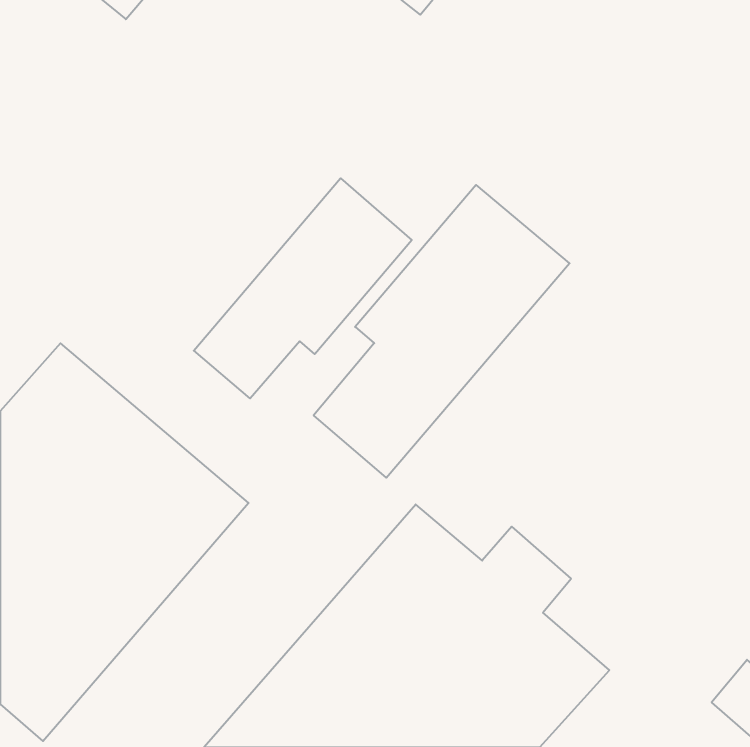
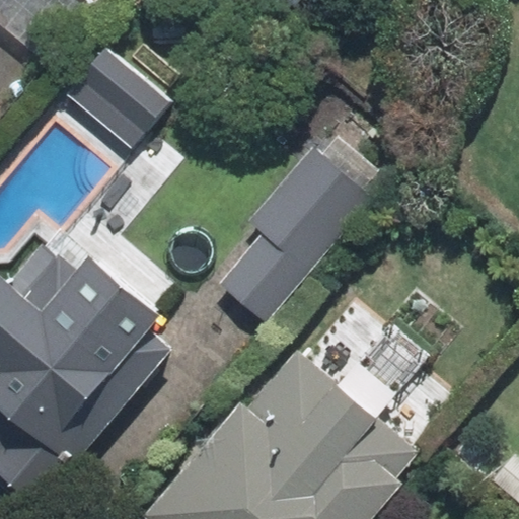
building: none -> [60,46,172,156]
building: [194,178,412,398] -> none

